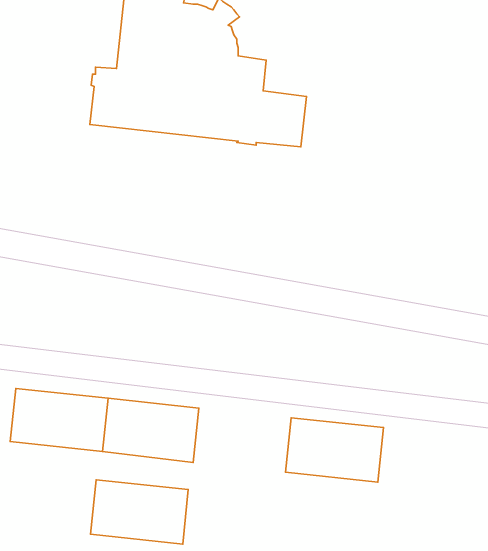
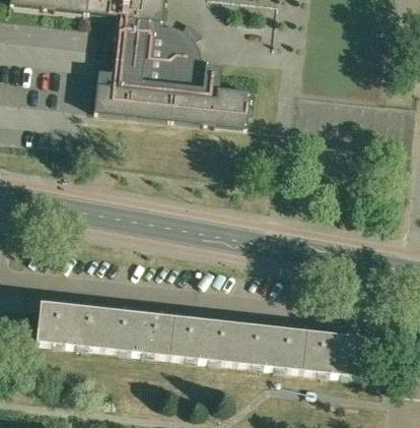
building: none -> [301,329,371,376]
building: [90,480,188,544] -> [167,315,238,362]

